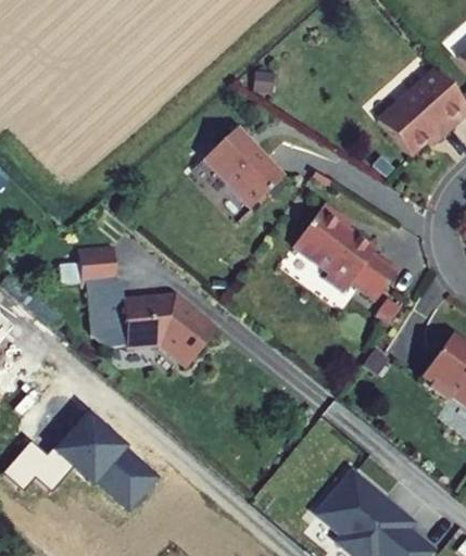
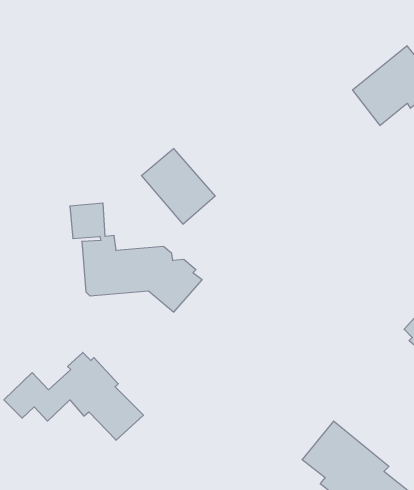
building: [201,127,280,208] -> [141,149,215,224]
building: [285,216,389,313] -> none

